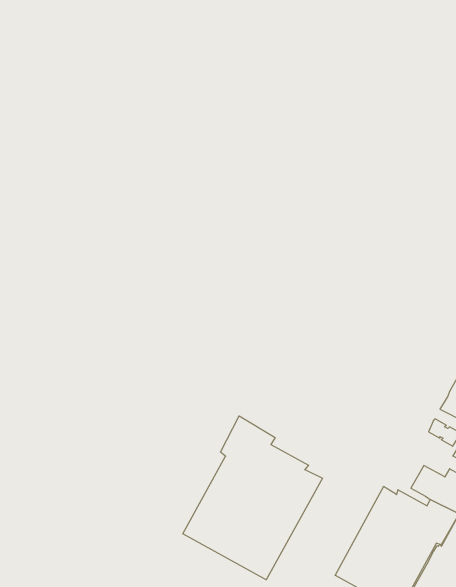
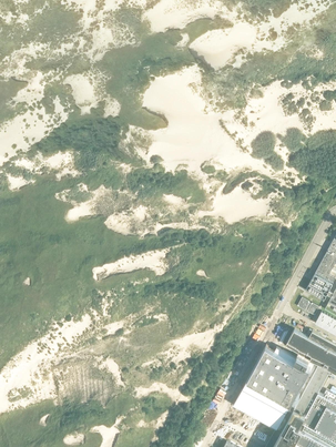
building: [183,416,322,580] -> none

